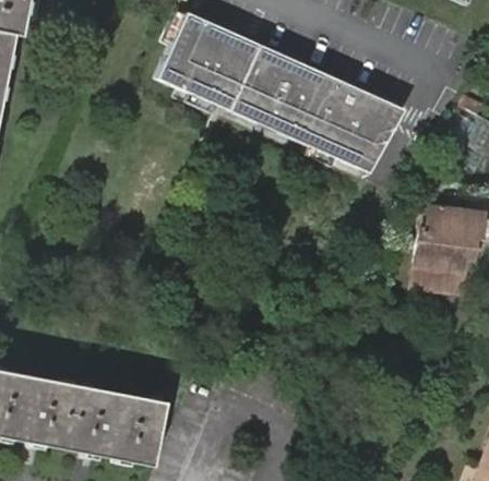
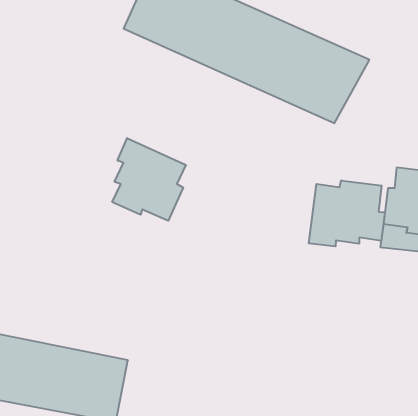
building: none -> [112,138,186,221]
building: none -> [309,180,385,246]

